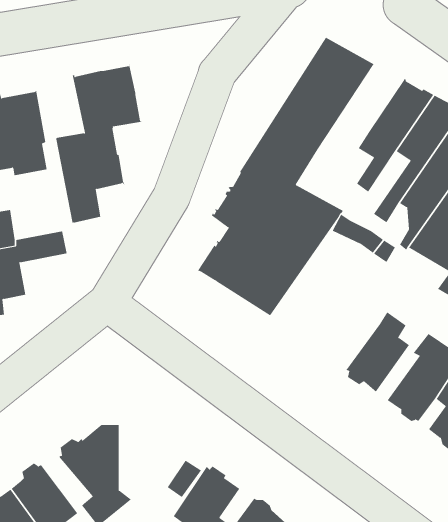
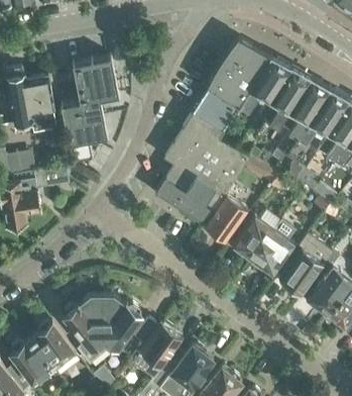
building: none -> [234,58,290,119]
building: none -> [205,195,246,240]
building: none -> [232,212,279,261]
building: none -> [103,296,141,349]

